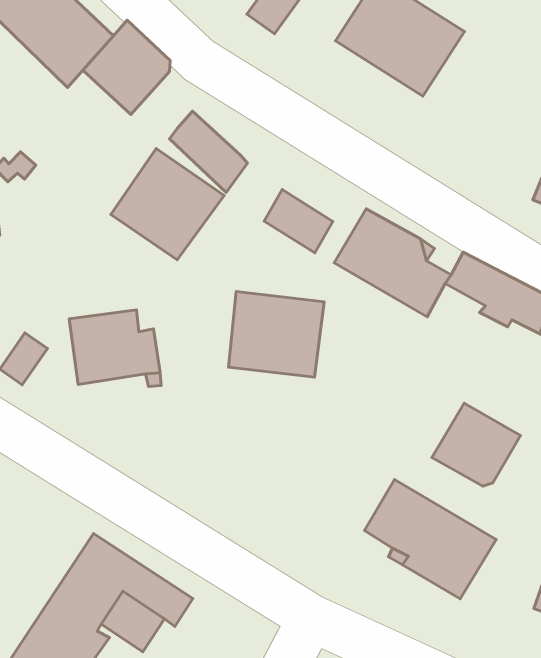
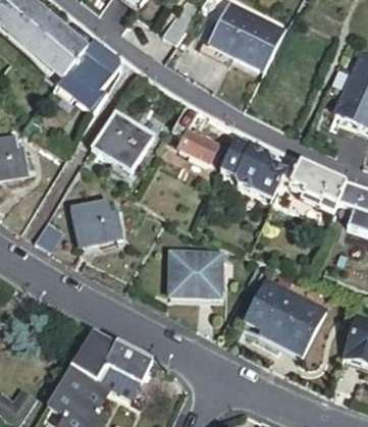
building: [169,111,248,193] -> [59,68,104,113]
building: [228,292,324,377] -> [168,251,220,297]
building: [432,403,520,486] -> none

